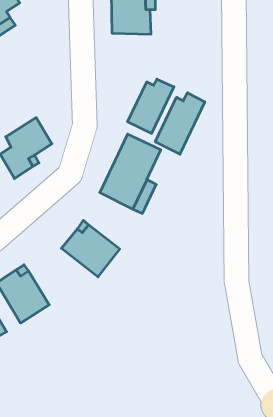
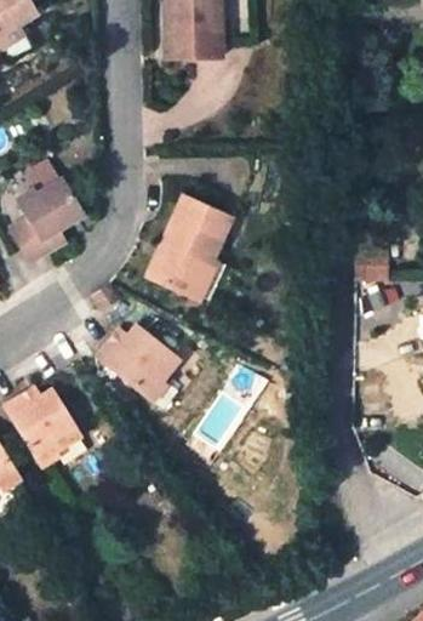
building: [128,79,174,133] -> none
building: [155,93,205,154] -> none

